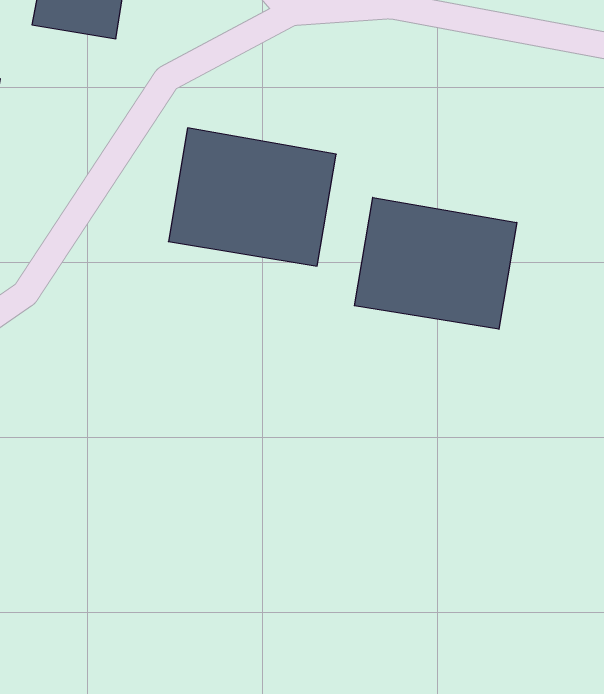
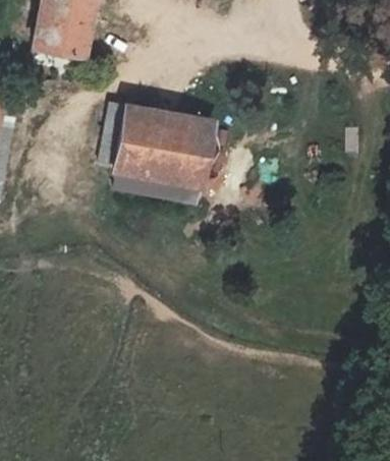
building: [354,197,517,329] -> none

